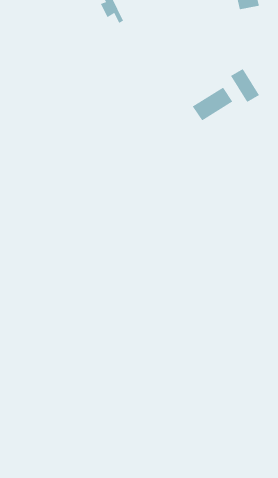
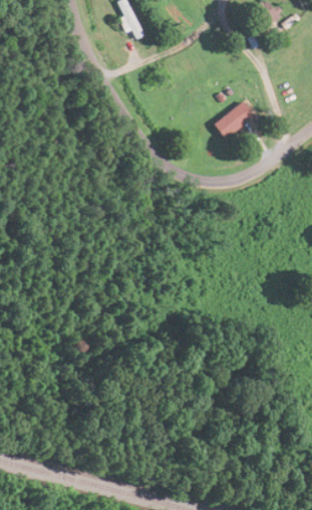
building: [230,68,260,103] -> none

